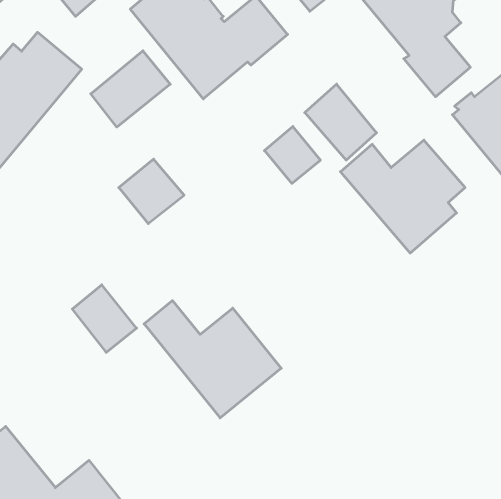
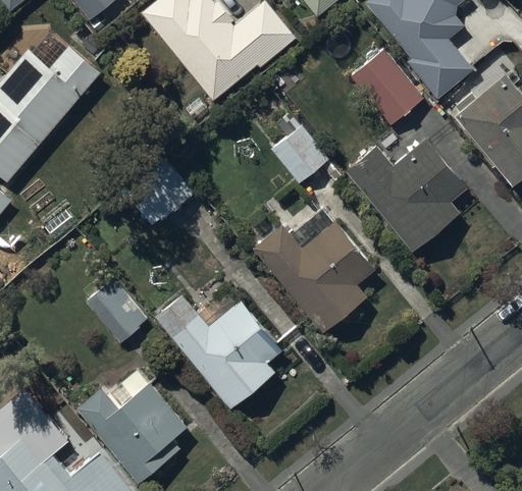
building: [91,51,170,127] -> none
building: [305,84,377,160] -> [352,52,421,125]
building: none -> [255,207,375,332]
building: none -> [79,371,184,482]

